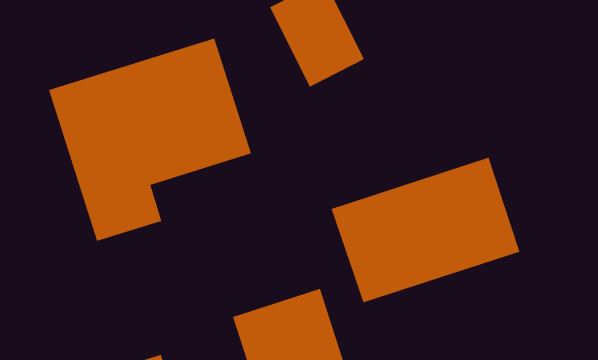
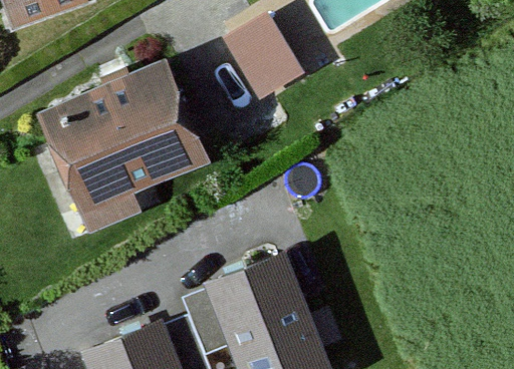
building: [331,157,520,303] -> none

